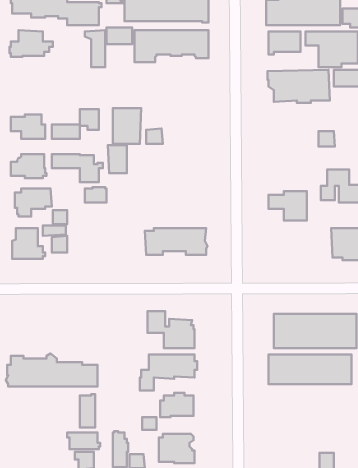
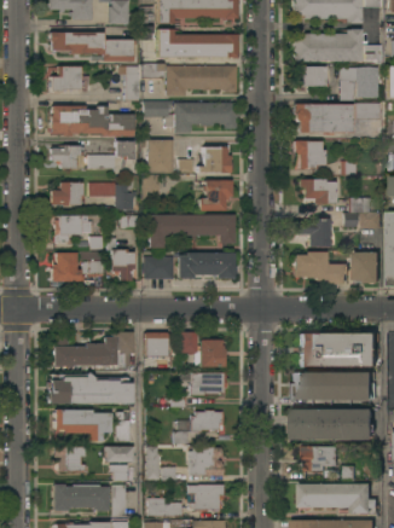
building: none -> [143,100,237,133]
building: none -> [50,105,133,135]
building: none -> [294,140,324,168]
building: none -> [197,146,232,173]
building: none -> [299,179,335,203]
building: none -> [198,180,231,210]
building: none -> [149,215,233,248]
building: none -> [106,238,133,280]
building: none -> [292,251,349,284]
building: none -> [144,255,174,278]
building: none -> [53,331,133,367]
building: none -> [144,332,167,356]
building: none -> [52,408,110,441]
building: none -> [290,408,372,440]
building: none -> [54,446,85,471]
building: none -> [301,446,337,471]

